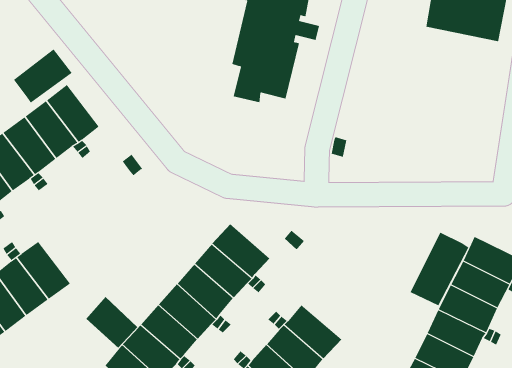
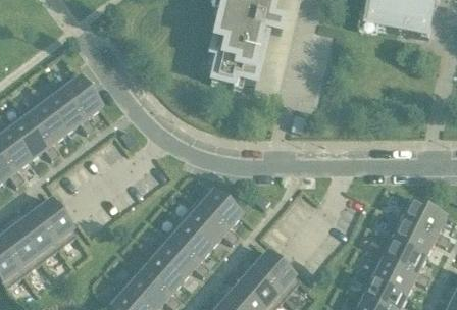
building: [13,49,72,103] -> none
building: [410,232,469,306] -> none
building: [85,296,138,348] -> none

